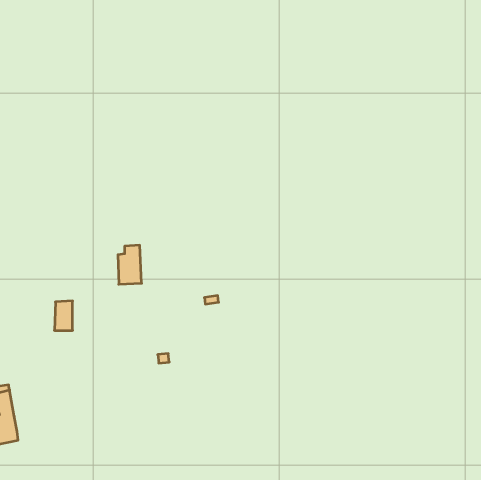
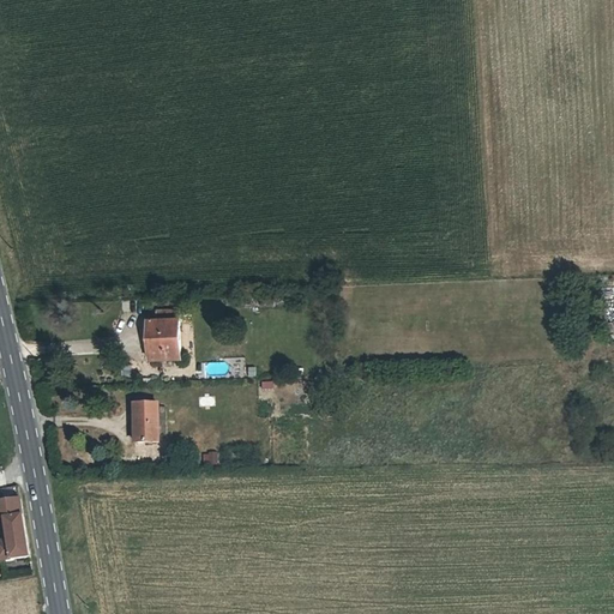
building: [54,301,73,330] -> [133,407,156,444]

